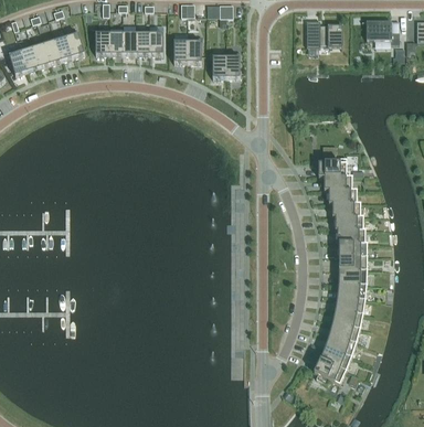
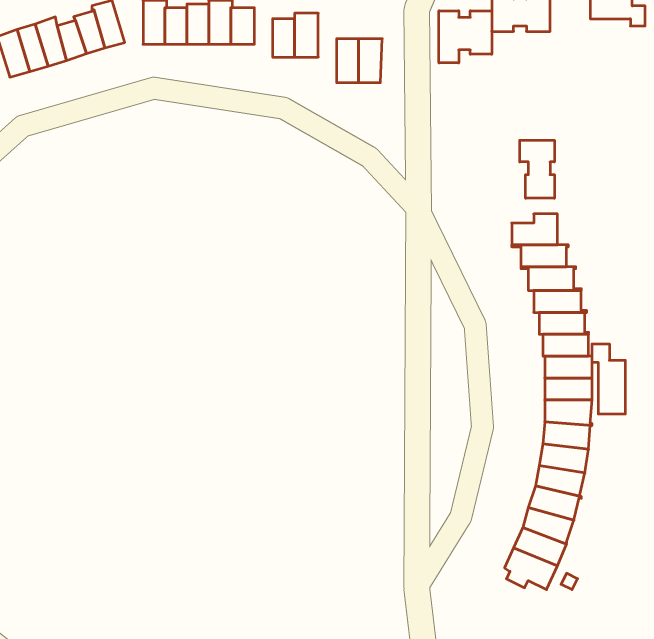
building: none -> [439,11,492,63]
building: none -> [520,140,554,198]
building: none -> [592,344,625,414]

